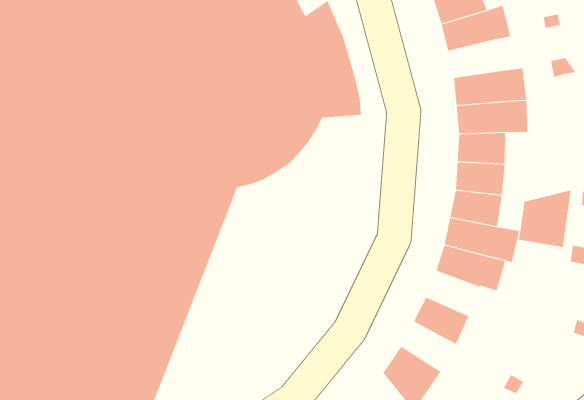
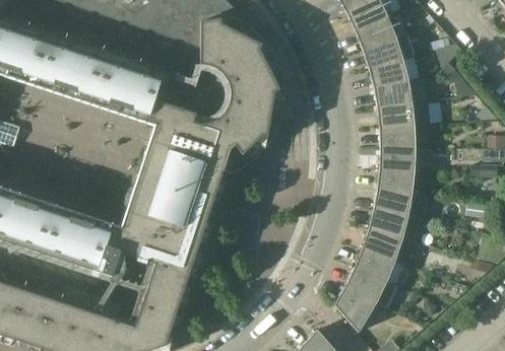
building: none -> [369,58,408,87]
building: [519,190,571,248] -> none
building: none -> [363,228,402,260]
building: none -> [346,266,398,306]

